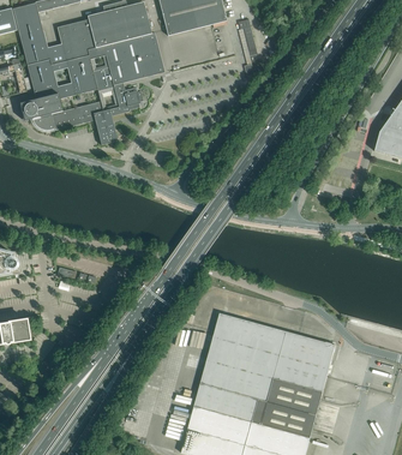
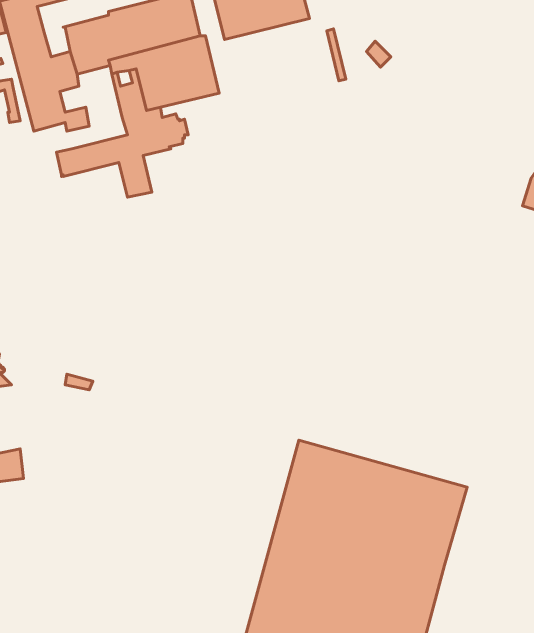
building: [66,53,97,95] -> none
building: [19,92,62,130] -> none

